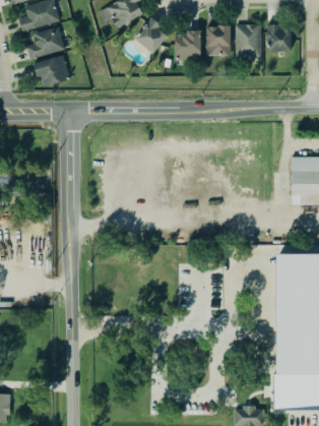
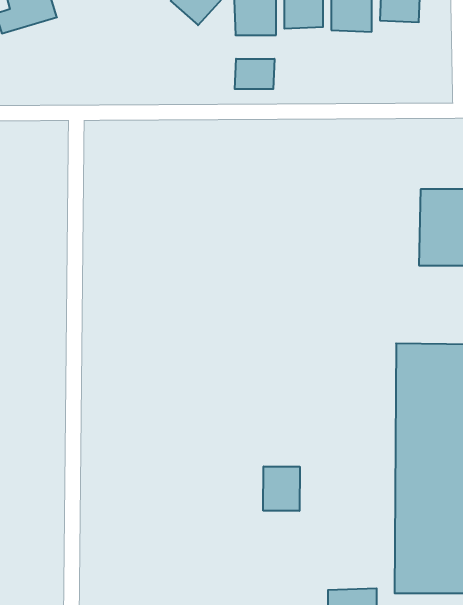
building: [33,55,69,86] -> none
building: none -> [235,59,274,89]
building: none -> [263,466,300,511]

